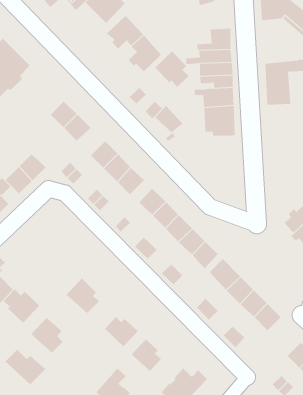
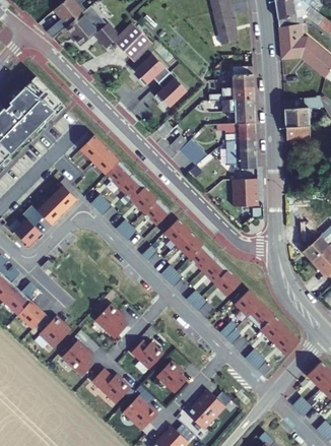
building: [155,51,189,88] -> none
building: none -> [105,161,132,188]
building: none -> [230,180,257,207]
building: [4,349,46,385] -> [90,369,130,403]

